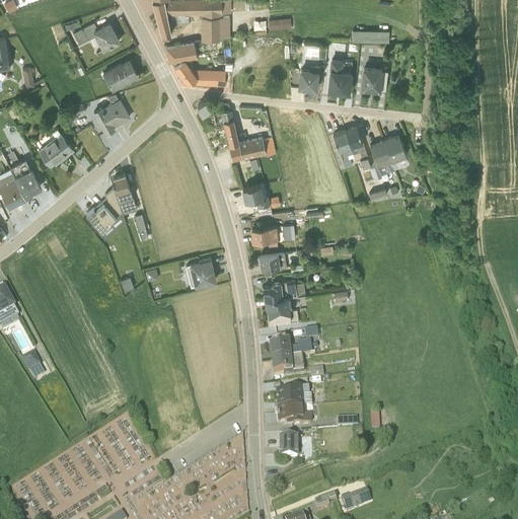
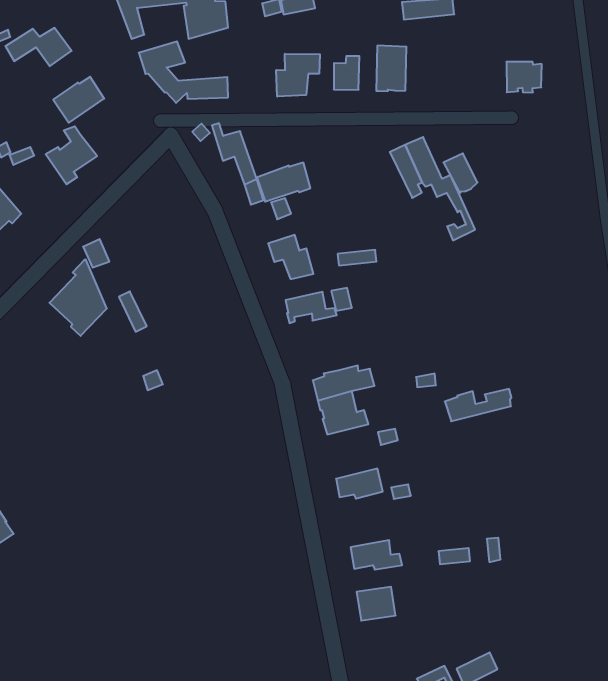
building: none -> [276,54,320,97]
building: [361,67,387,90] -> [506,62,542,92]
building: [383,136,409,168] -> none
building: [257,252,286,270] -> none
building: [186,257,214,287] -> none
building: [269,338,315,357] -> [445,389,511,421]
building: [275,385,311,405] -> none

